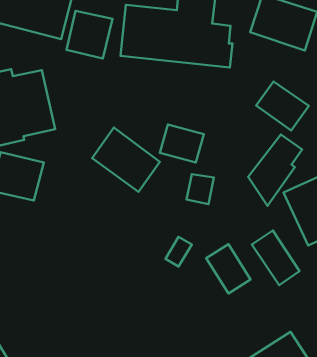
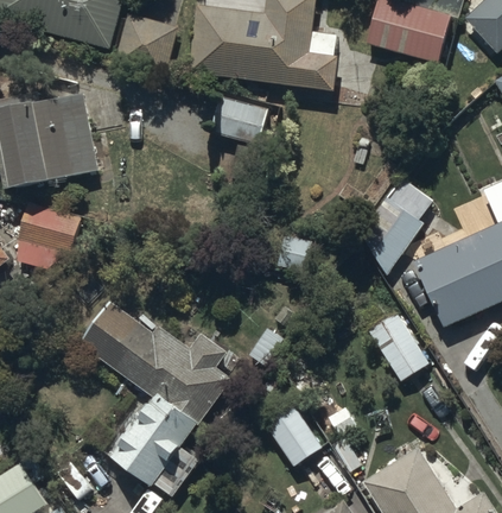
building: [256,82,309,131] -> none
building: [160,125,204,162] -> [212,96,272,147]
building: [92,128,160,192] -> none
building: none -> [72,286,228,475]
building: [206,244,250,293] -> [263,395,323,462]

